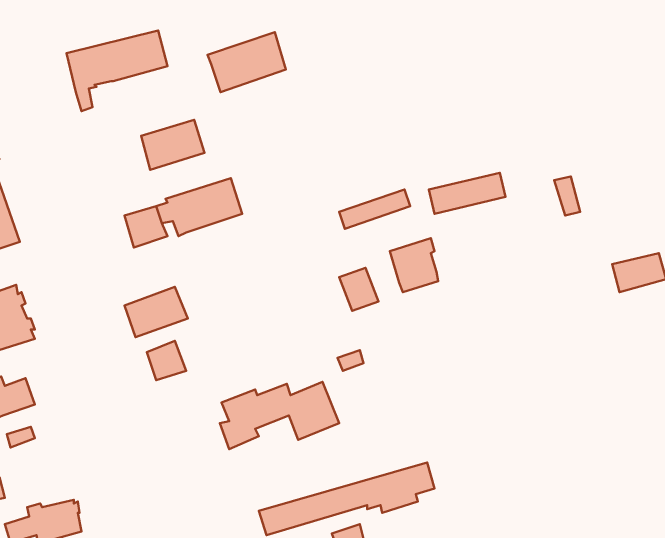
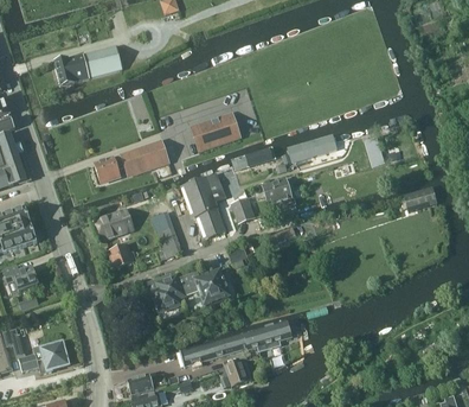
building: [207,32,286,92] -> [189,113,239,151]
building: [141,120,205,170] -> none
building: none -> [178,174,225,237]
building: none -> [150,211,181,261]

